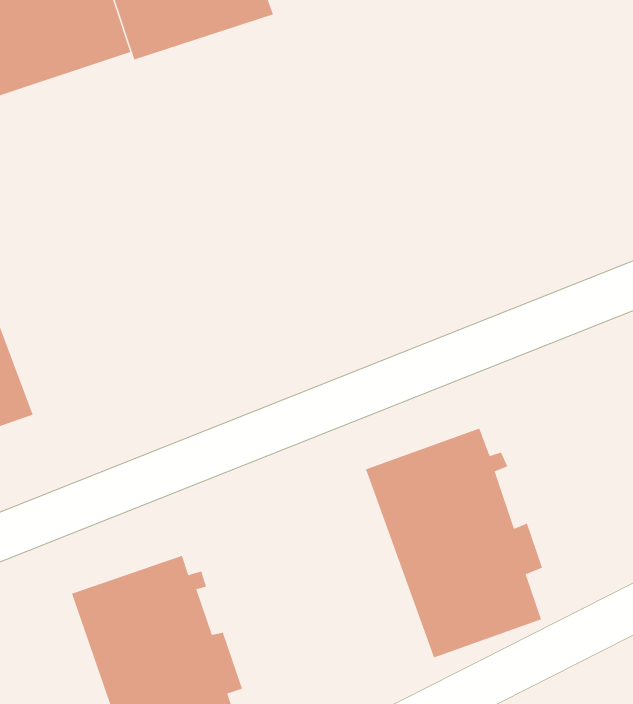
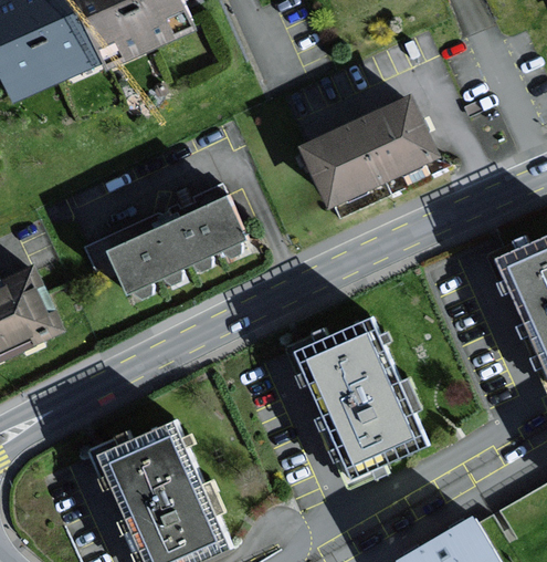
building: none -> [297,100,429,205]
building: none -> [98,186,249,300]

